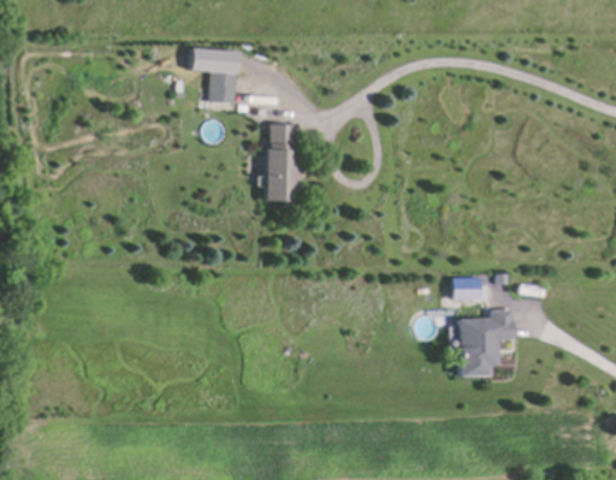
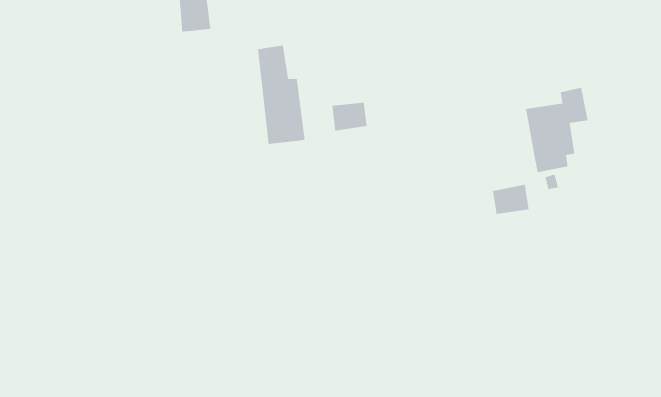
building: none -> [332,102,367,131]
building: [458,309,510,375] -> [525,87,589,173]

